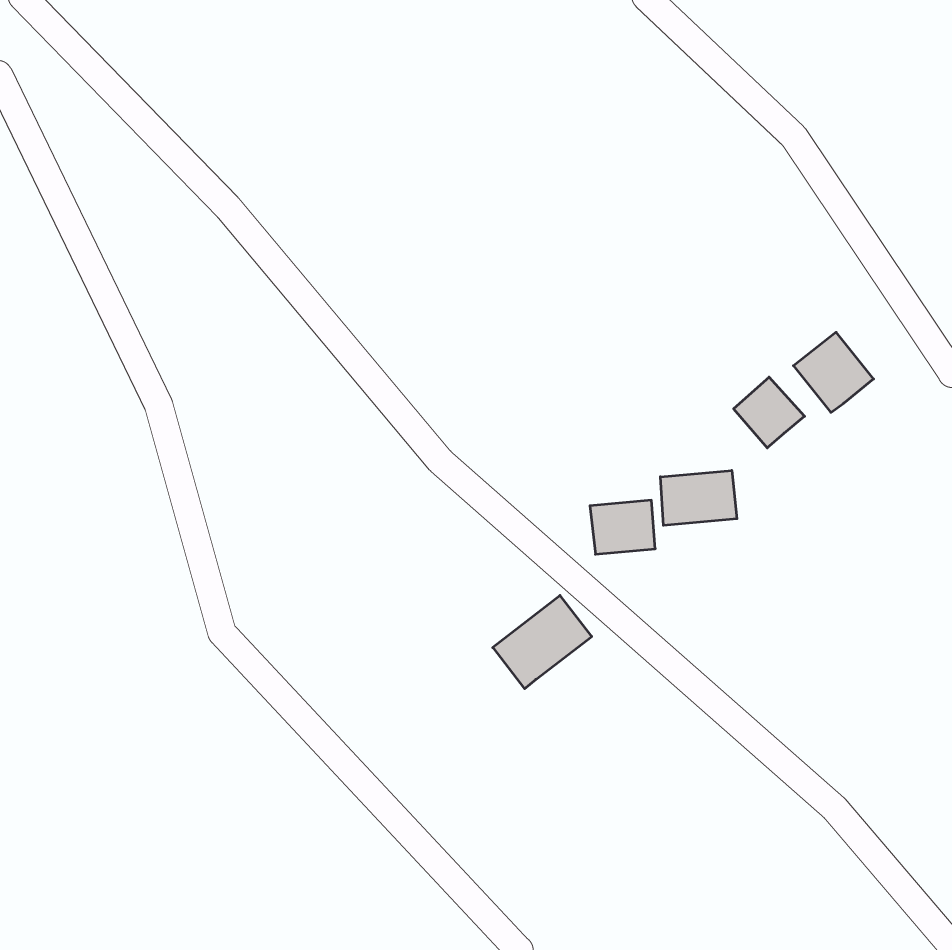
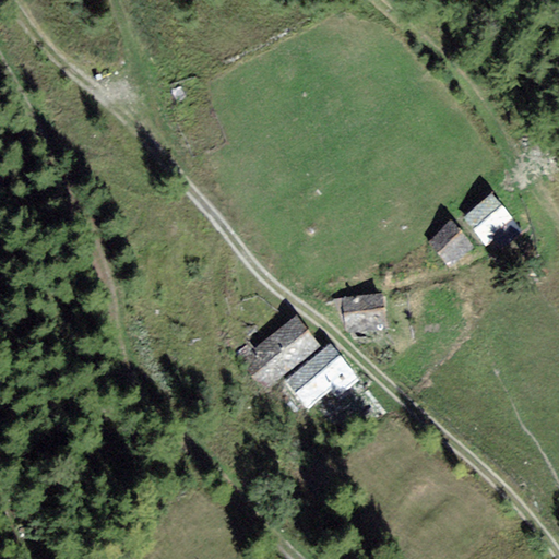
building: [660,470,737,525] -> none
building: none -> [245,316,317,382]

